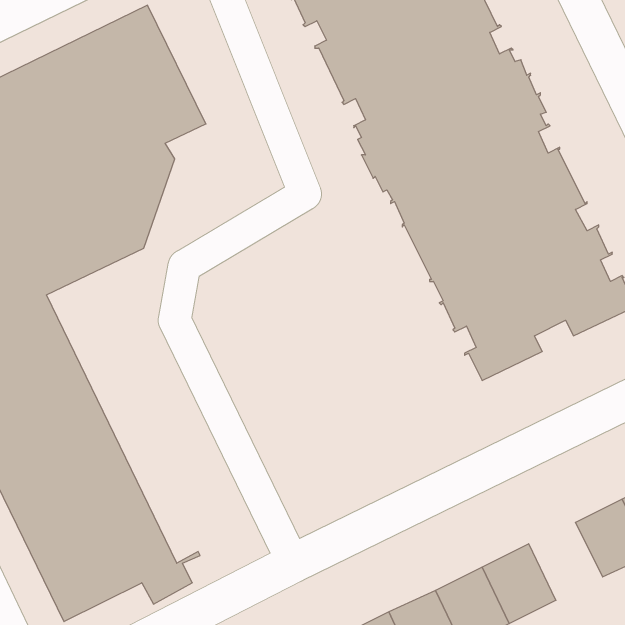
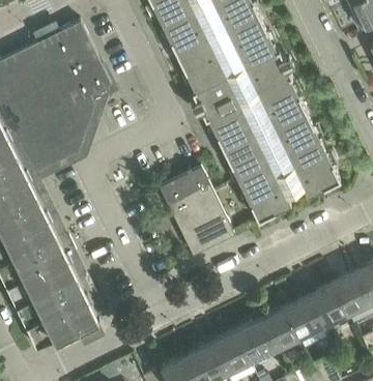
building: none -> [160,167,235,255]
building: none -> [284,297,323,339]

